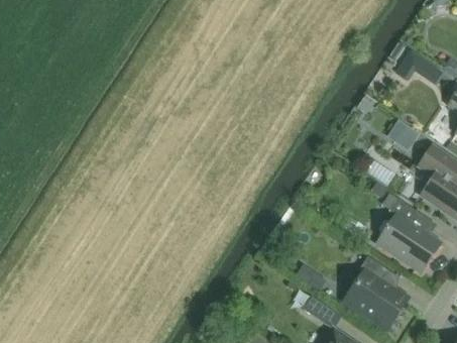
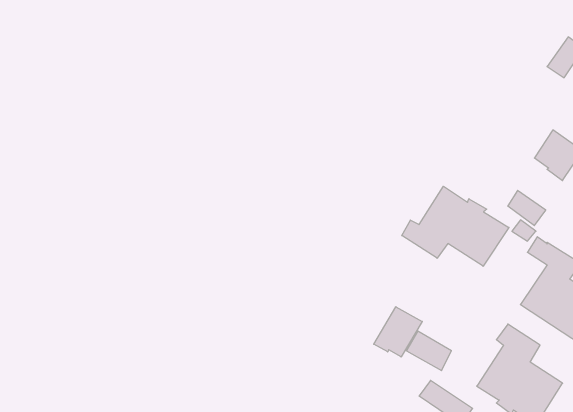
building: none -> [402,186,509,266]
building: none -> [374,307,422,357]

